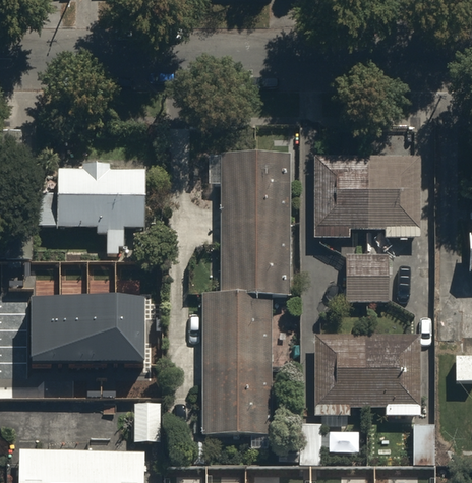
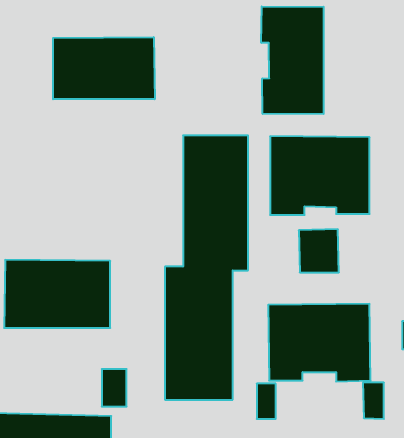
building: none -> [261,6,324,114]
building: none -> [53,37,155,99]
building: [38,168,146,256] -> none

